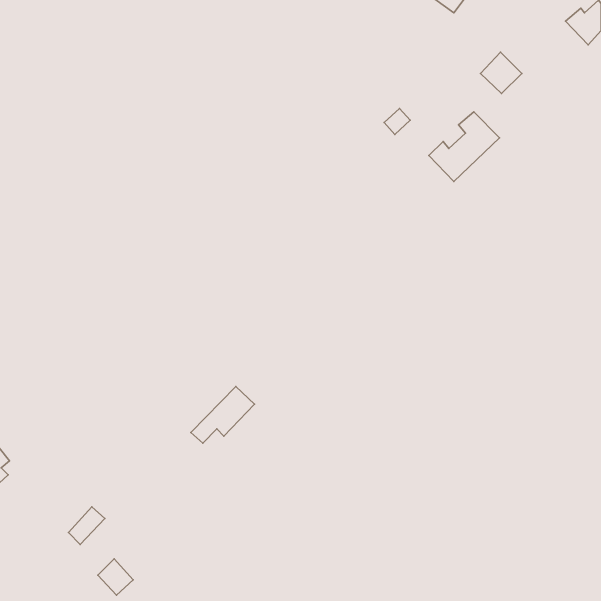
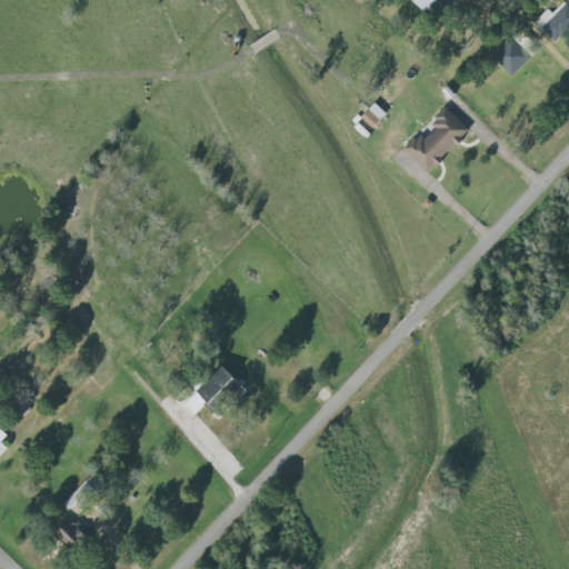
building: [480,52,522,93] -> [492,36,531,74]
building: [98,559,133,595] -> [54,517,88,551]

